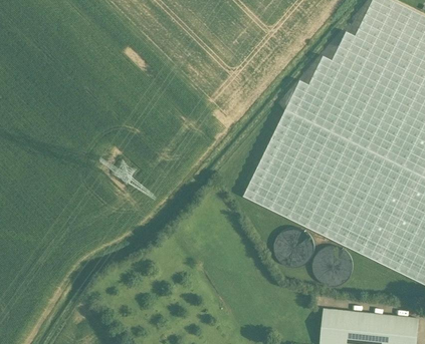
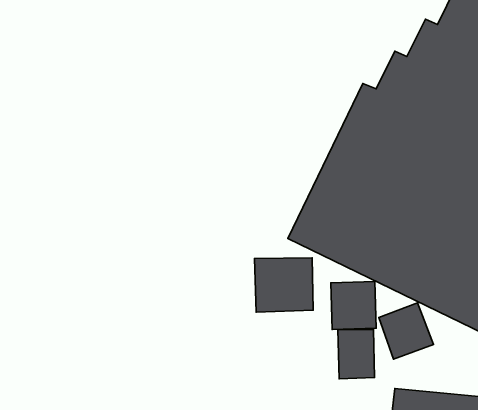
building: none -> [255,258,313,312]
building: none -> [338,329,374,379]

